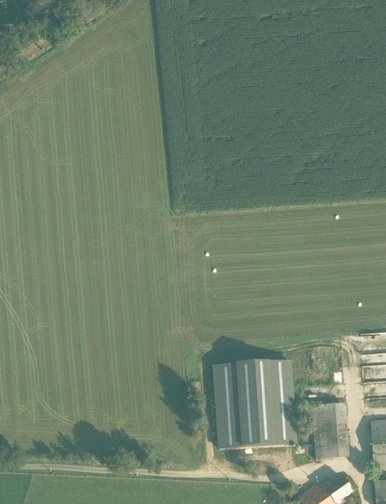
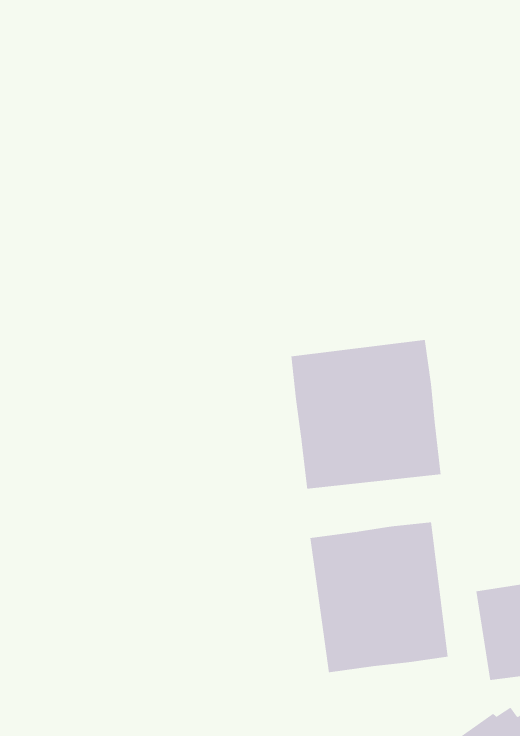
building: none -> [291,339,441,490]

